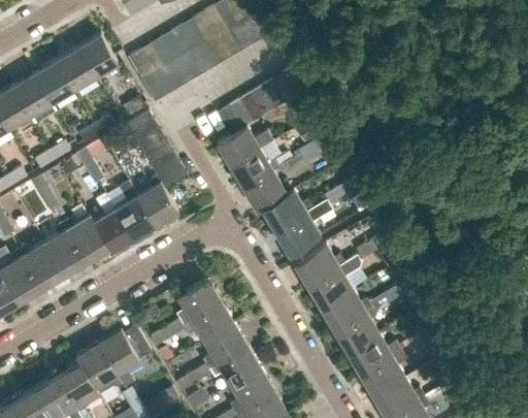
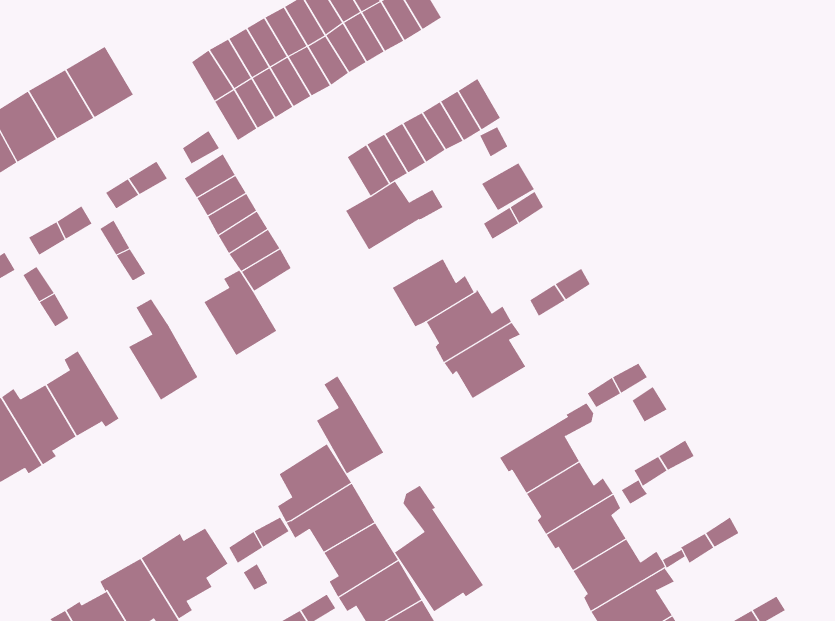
building: [78,36,117,77] -> none
building: [230,150,278,189] -> none
building: [114,184,154,240] -> [316,376,384,474]
building: [63,217,107,264] -> none
building: [294,244,344,287] -> none
building: none -> [394,485,484,612]

